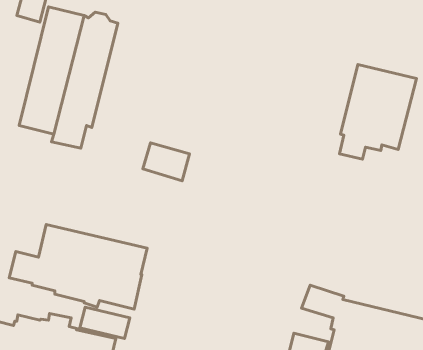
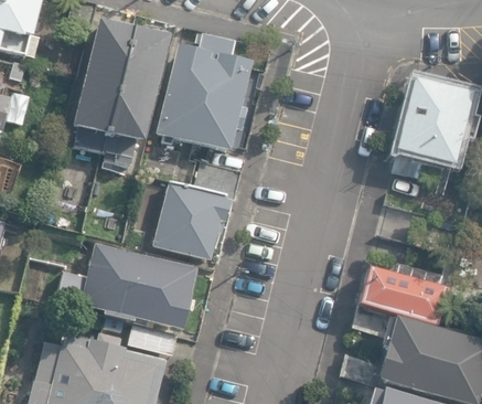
building: none -> [157,32,253,151]
building: none -> [152,182,231,261]
building: none -> [363,267,451,325]

